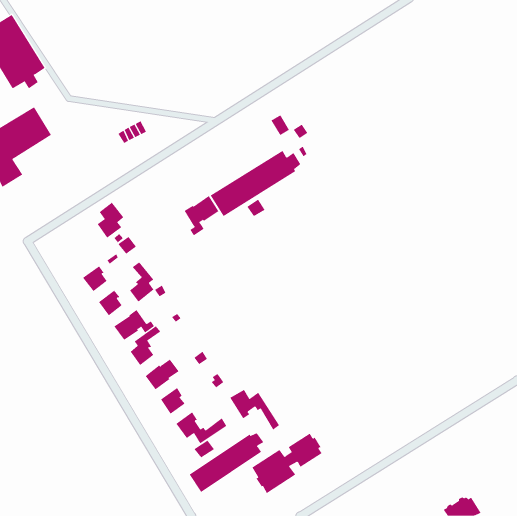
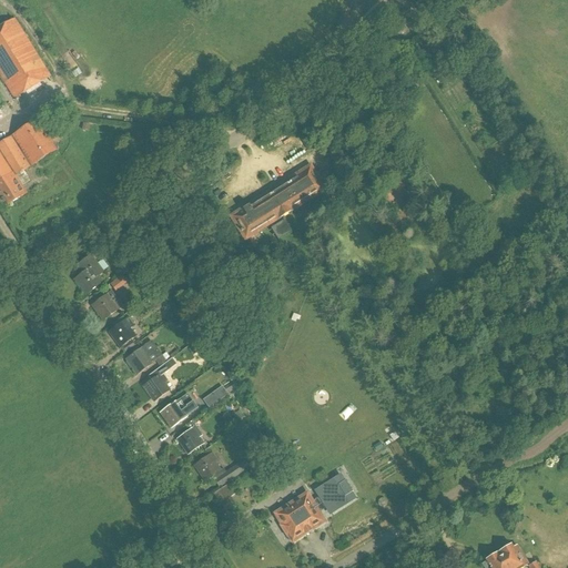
building: [184,195,219,236] -> none
building: [97,202,124,238] -> [73,253,103,293]
building: [129,261,154,302] -> none
building: [229,389,280,430] -> none
building: [189,432,264,493] -> none

